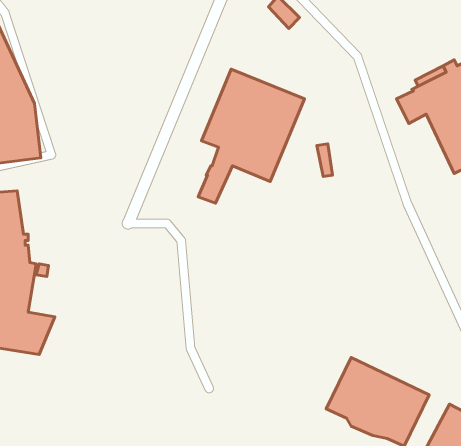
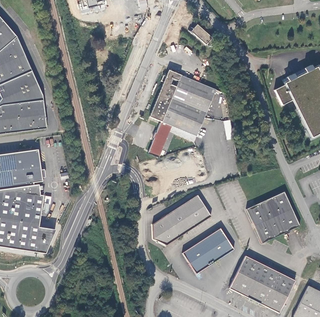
building: none -> [246,190,299,241]
building: none -> [153,193,212,244]
building: none -> [184,227,235,272]

